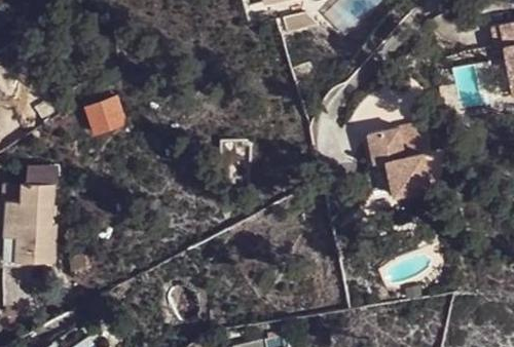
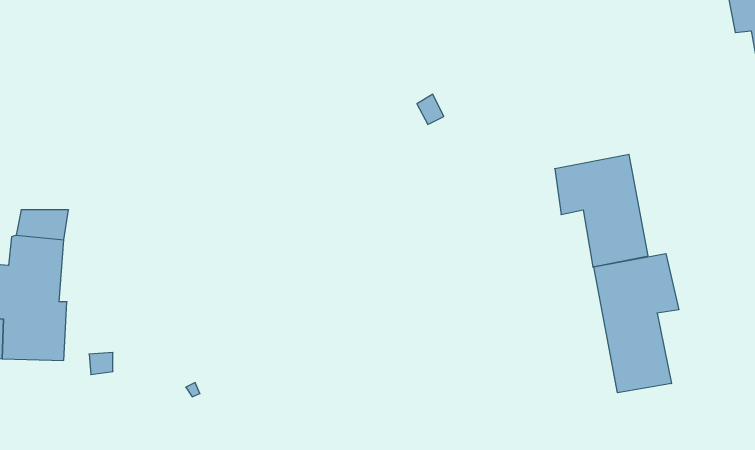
building: [86,99,126,134] -> none
building: none -> [594,254,679,393]

